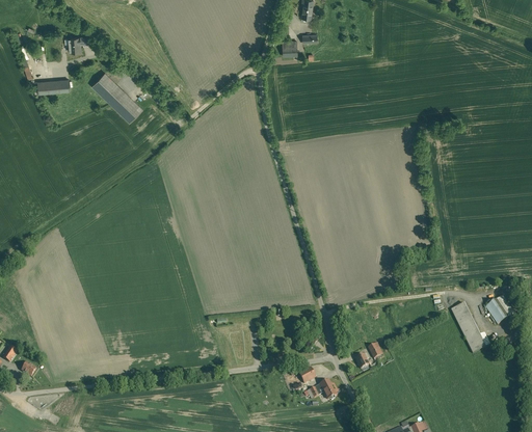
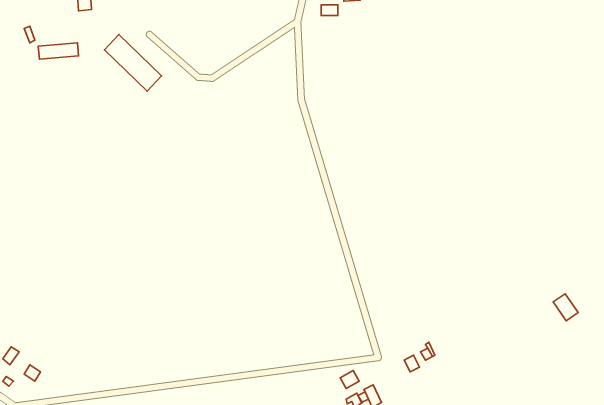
building: [451,301,488,352] -> none

